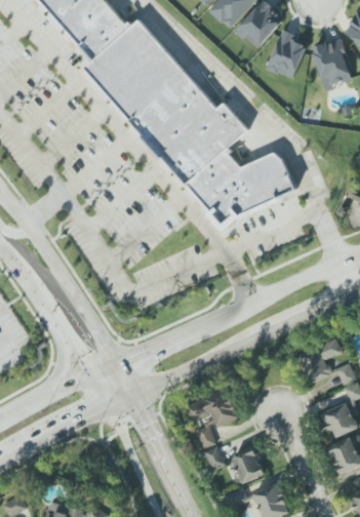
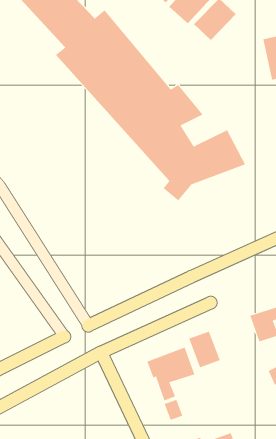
building: [266,30,307,80] -> none
building: none -> [189,331,220,368]
building: [232,446,265,483] -> none

